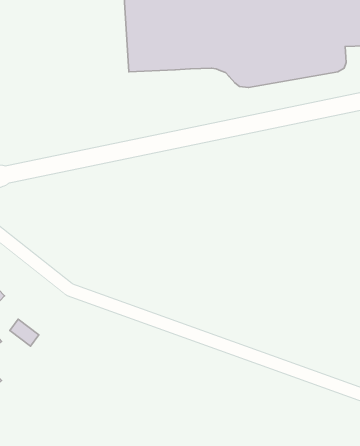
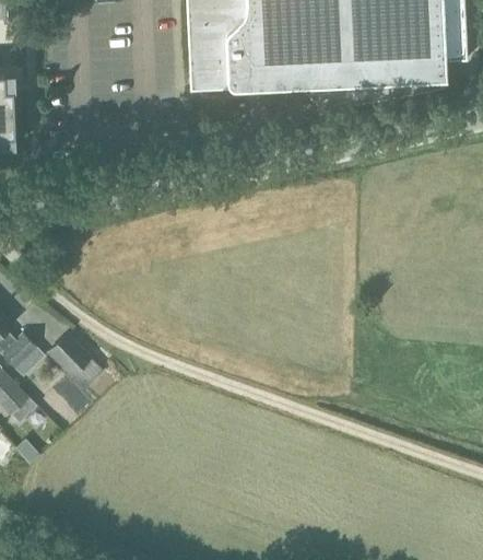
building: none -> [45,329,103,387]

